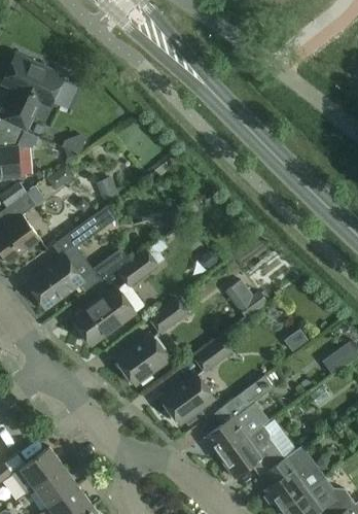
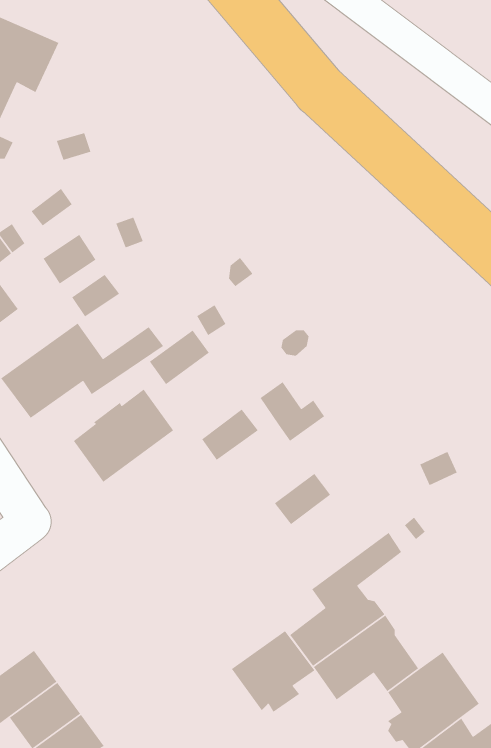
building: none -> [43,234,97,285]
building: [226,280,266,317] -> [259,381,325,442]
building: [117,335,169,384] -> none
building: [162,374,213,424] -> [231,630,315,713]

